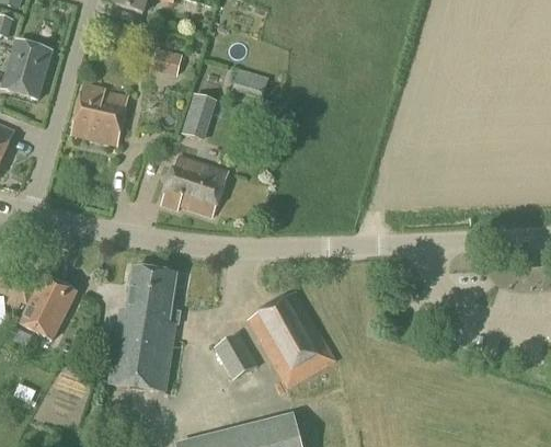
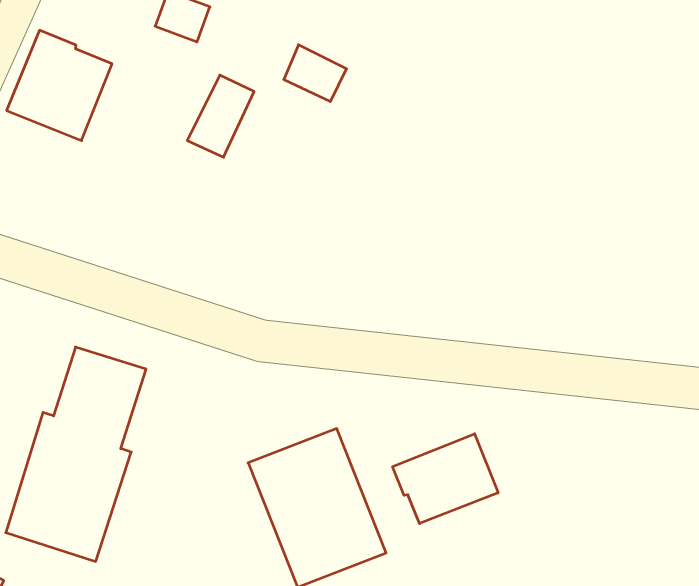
building: [161,153,229,216] -> none
building: none -> [393,434,498,524]
building: [214,332,259,379] -> none

